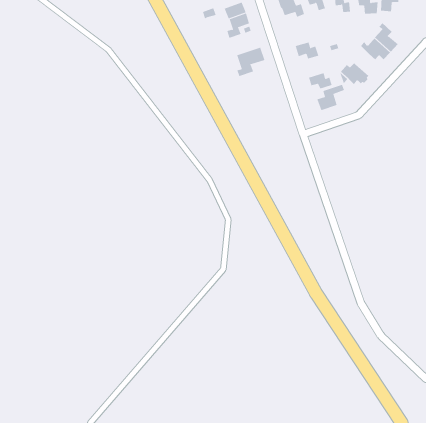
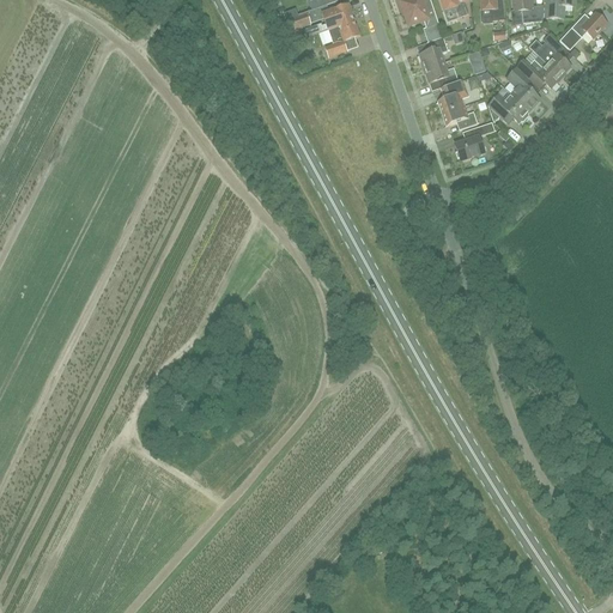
building: none -> [559,11,606,48]
building: none -> [418,35,447,66]
building: none -> [506,66,539,109]
building: [236,47,265,77] -> none
building: none -> [437,79,467,111]

